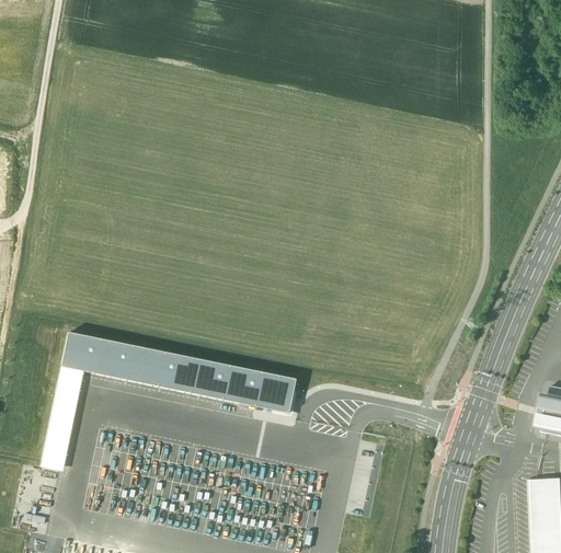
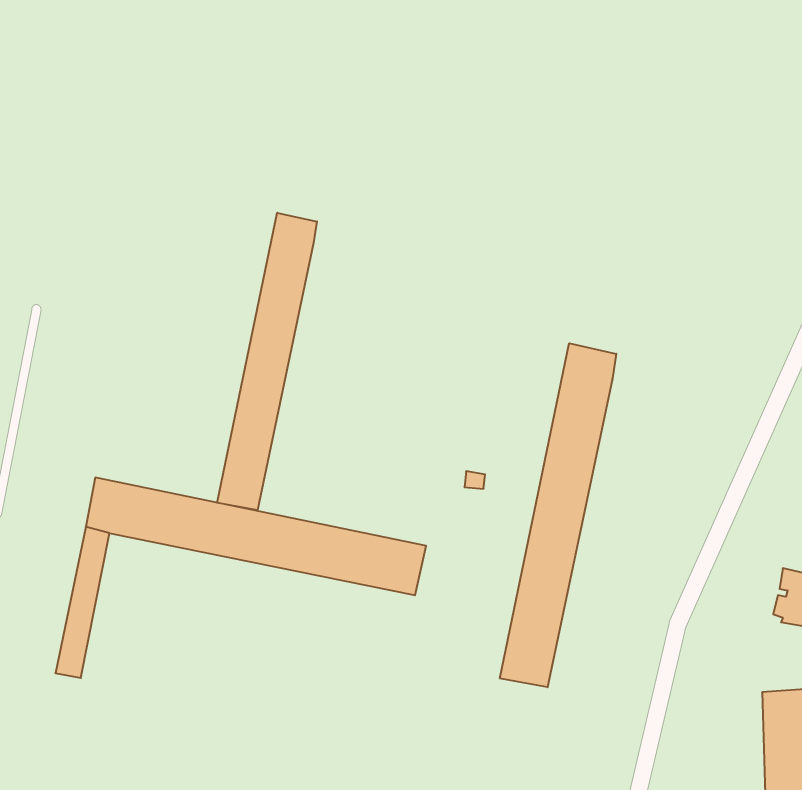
building: none -> [217,213,317,510]
building: none -> [500,343,616,687]

